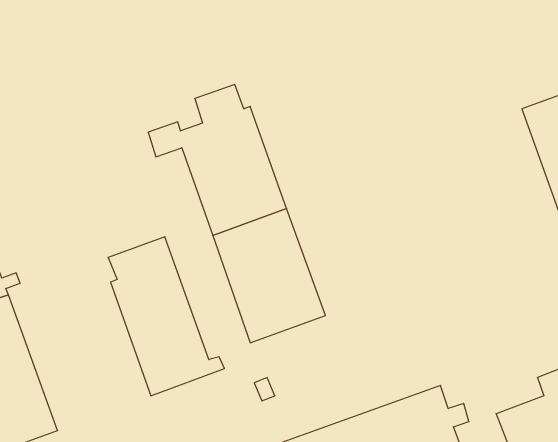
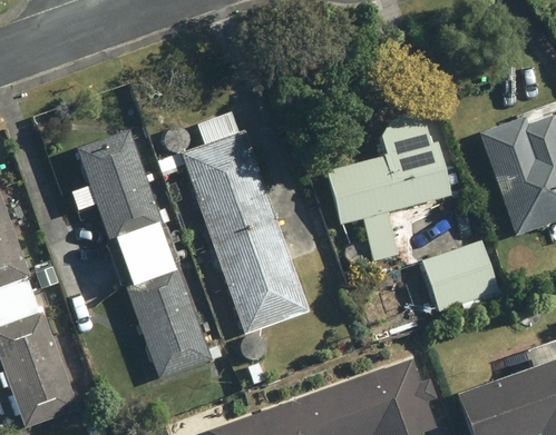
building: none -> [324,117,450,261]
building: none -> [71,129,170,260]
building: none -> [408,240,499,312]

